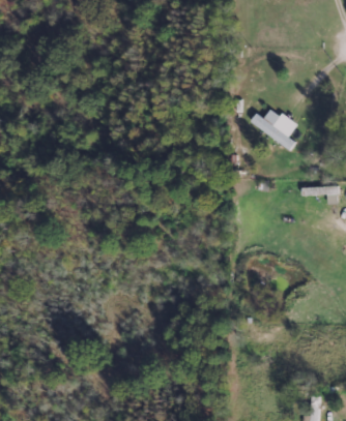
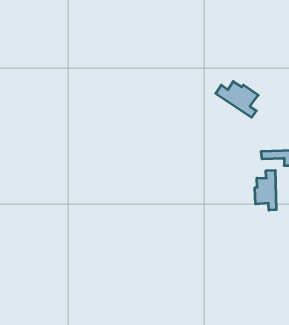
building: none -> [255,170,276,210]

